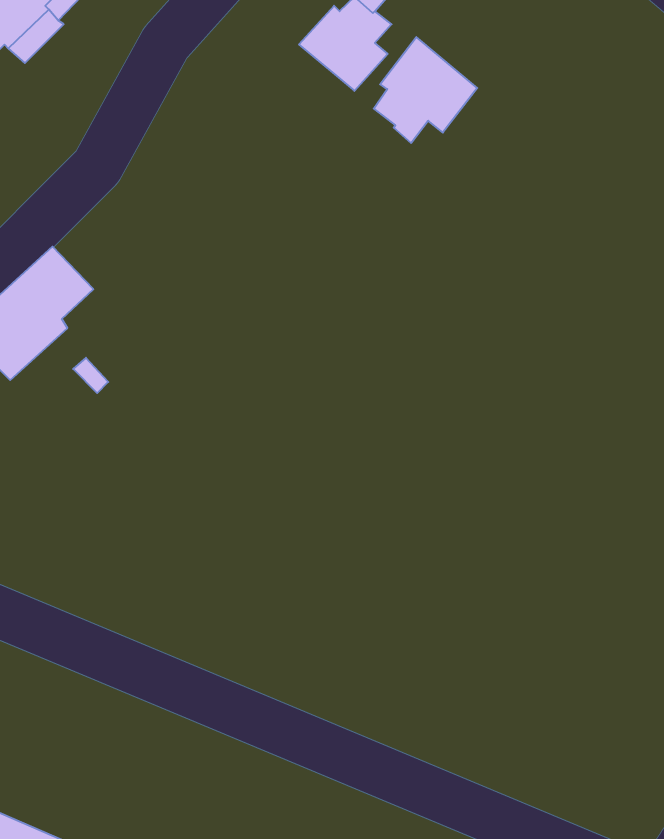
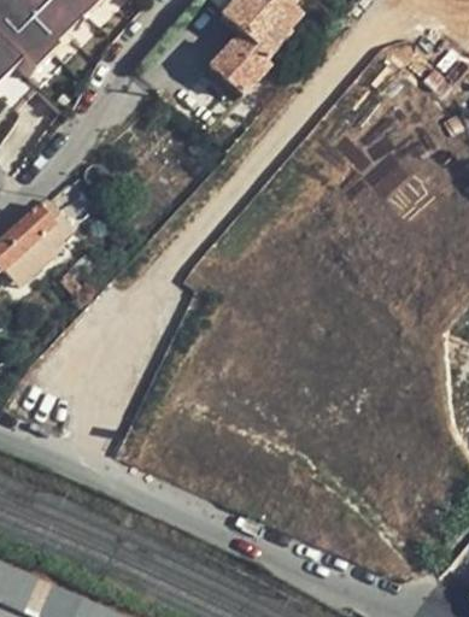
building: [374,37,477,143] -> none

